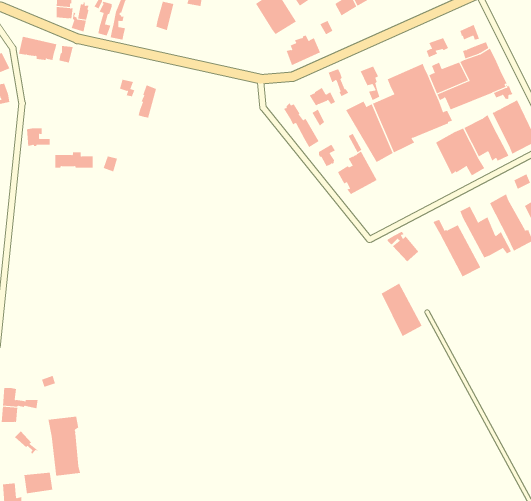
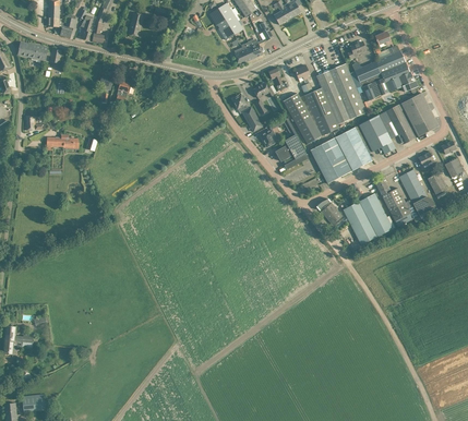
building: none -> [309,127,371,183]
building: [381,283,422,337] -> [343,201,376,244]
building: [48,416,81,477] -> none

